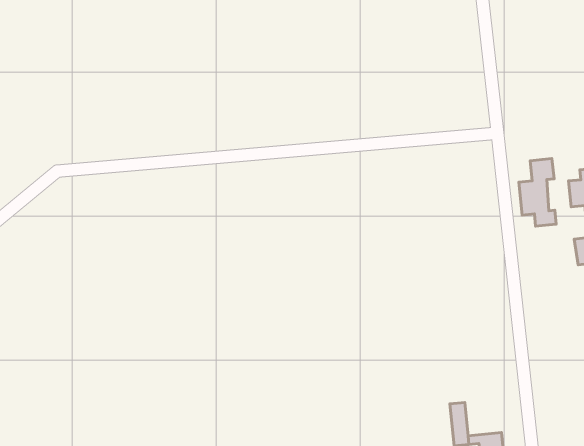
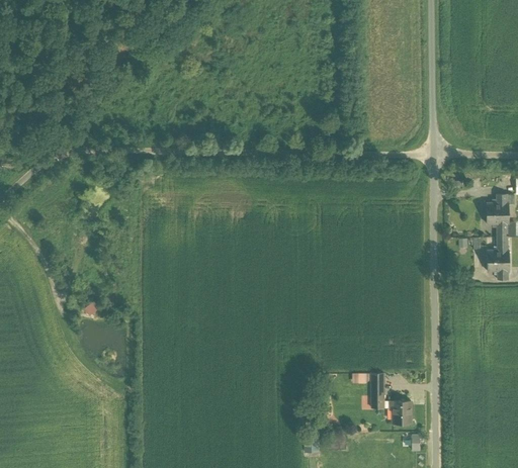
building: [519,158,556,226] -> none

